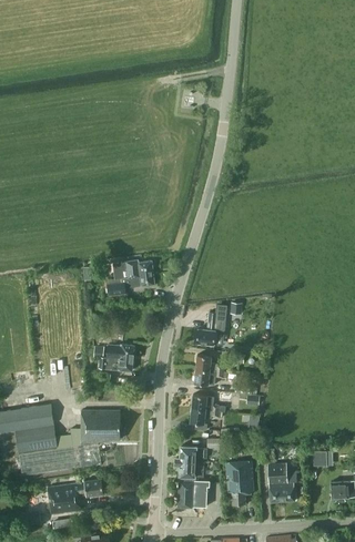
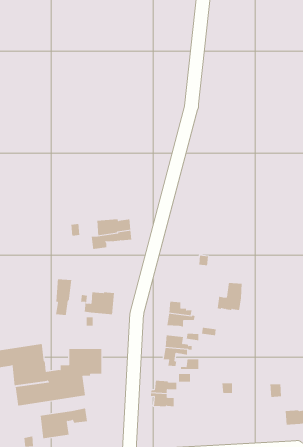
building: [196,313,226,345] -> [217,283,243,310]
building: none -> [56,279,72,316]
building: [226,460,253,504] -> none
building: [268,463,296,502] -> none
building: [178,479,209,507] -> none

